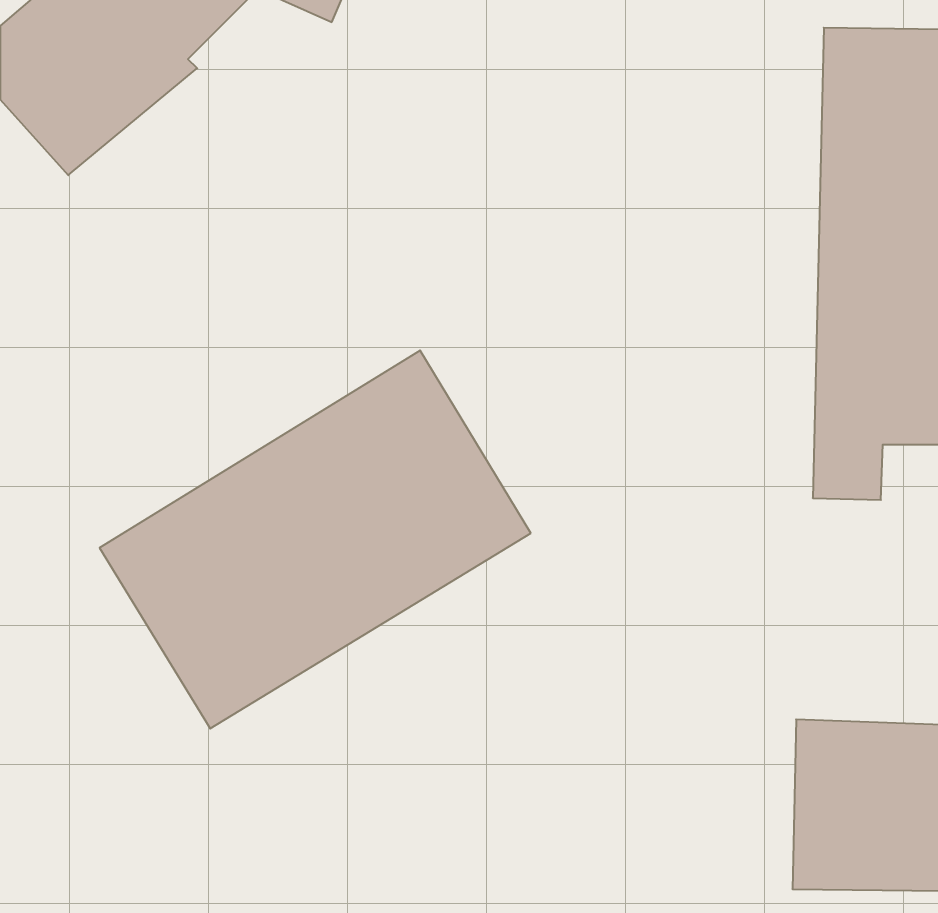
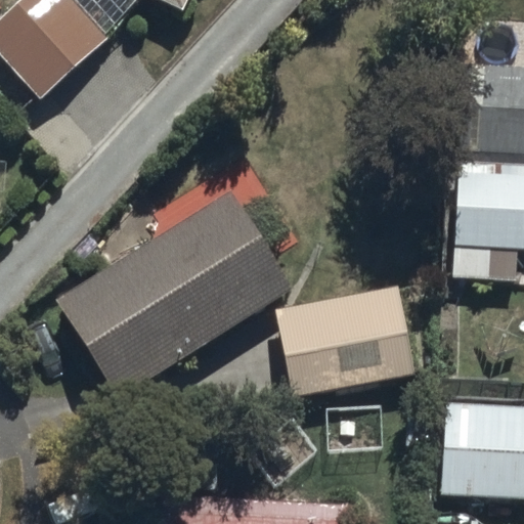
building: none -> [278,285,417,396]

